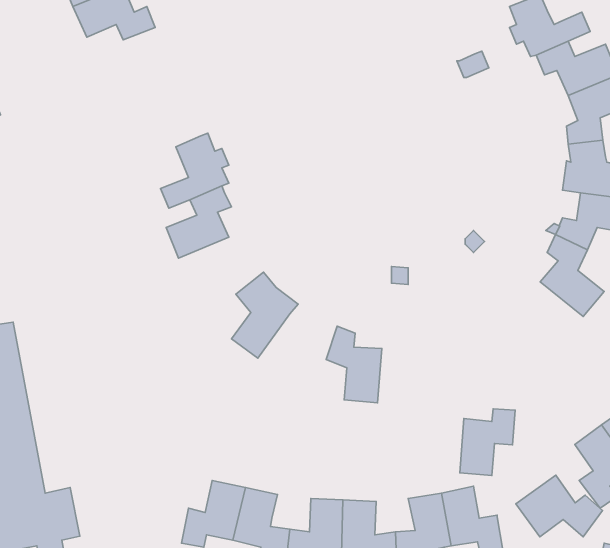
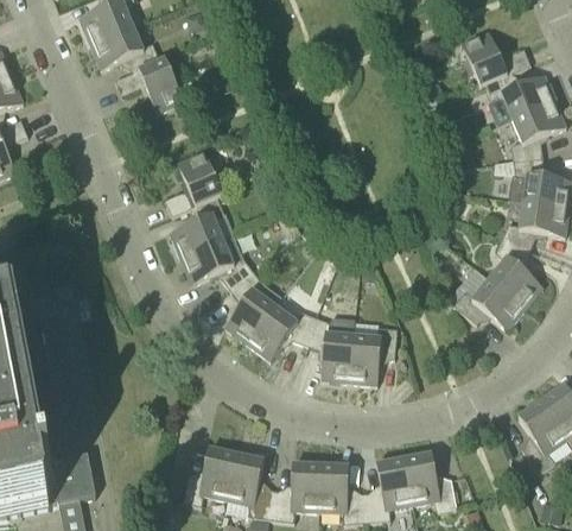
building: none -> [114,57,183,110]
building: none -> [179,239,252,287]
building: none -> [452,277,525,329]
building: none -> [247,304,314,359]
building: [460,409,515,476] -> [349,325,396,383]
building: [516,475,602,537] -> none

